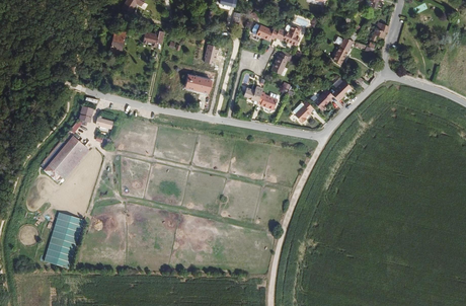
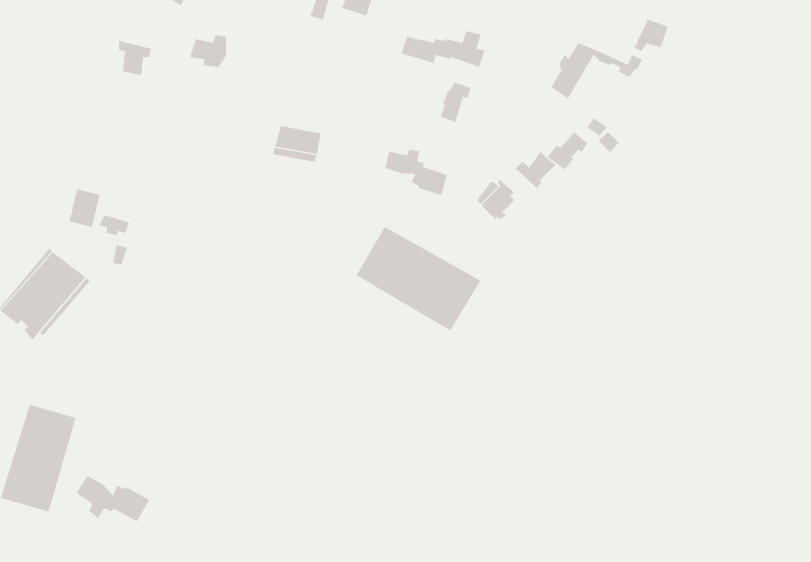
building: none -> [355,226,481,332]
building: none -> [76,475,150,523]

